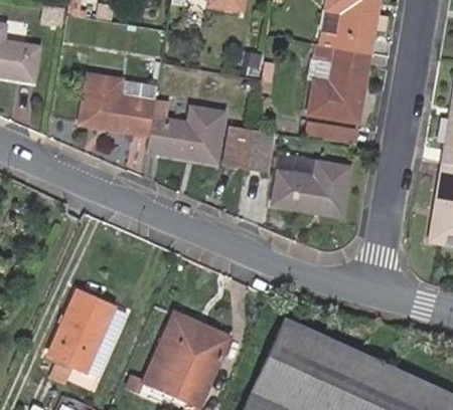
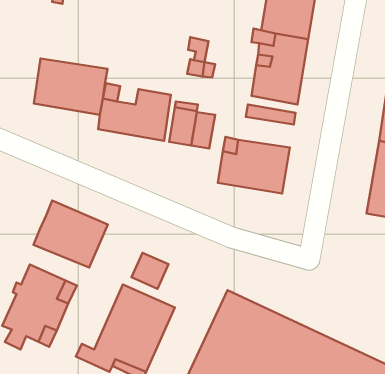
building: none -> [33,201,108,268]
building: none -> [132,253,169,289]

